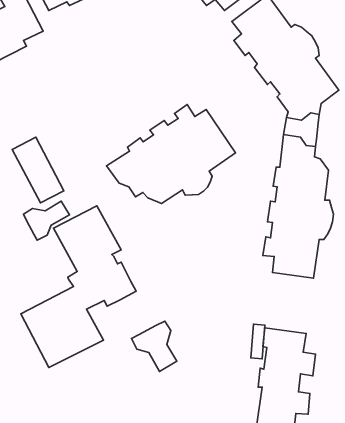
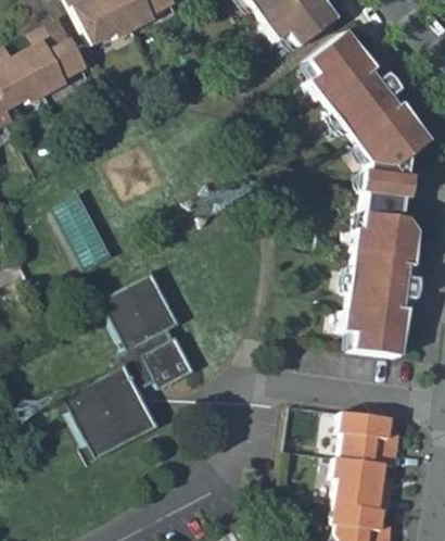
building: [107,105,236,204] -> none
building: [23,201,69,240] -> none
building: [131,321,177,371] -> none

